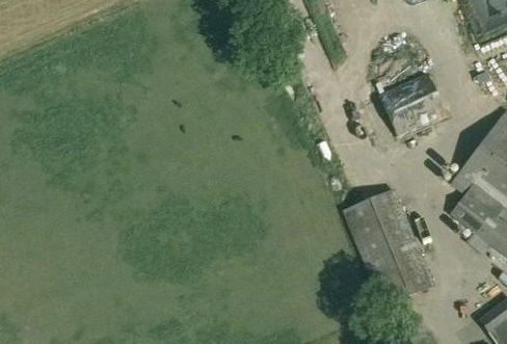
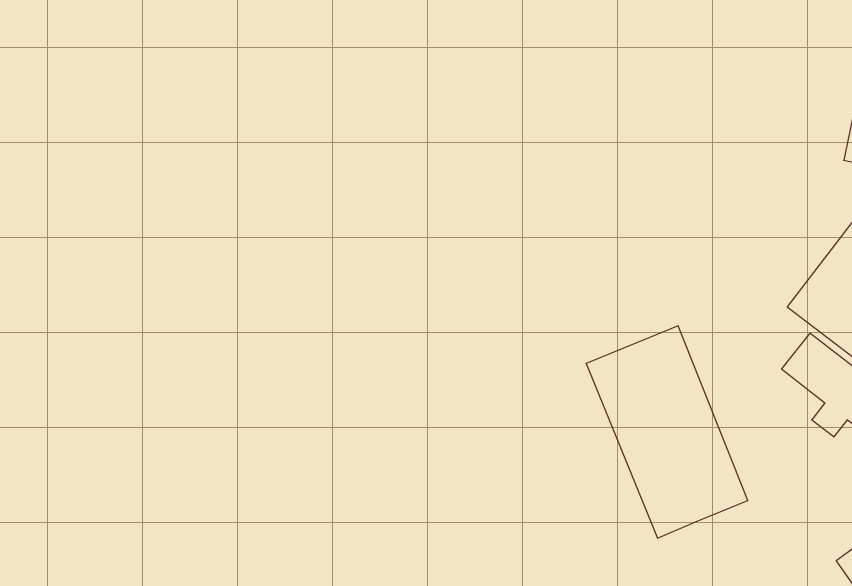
building: [379,75,447,135] -> none

